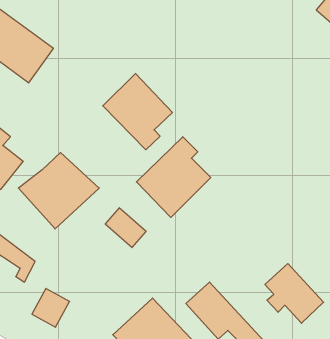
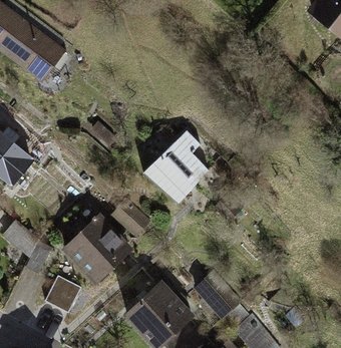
building: [103,74,172,150] -> none
building: [18,153,99,229] -> [58,218,133,289]
building: [265,264,324,323] -> none

